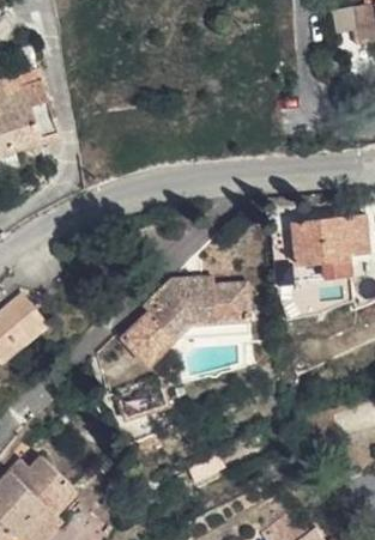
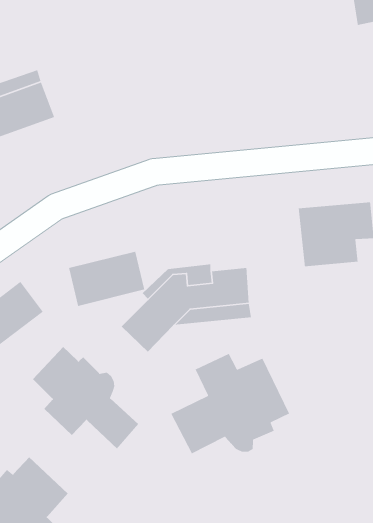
building: none -> [68,251,145,307]
building: none -> [32,346,139,449]
building: none -> [170,353,290,455]

